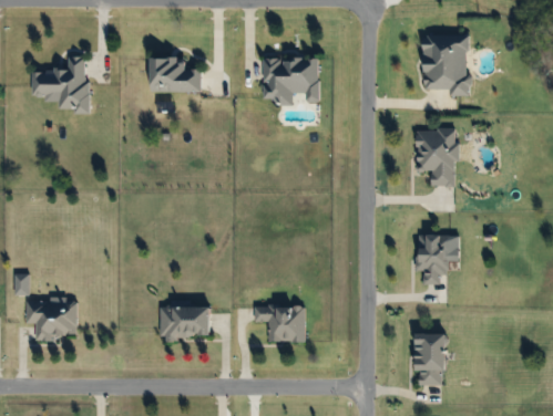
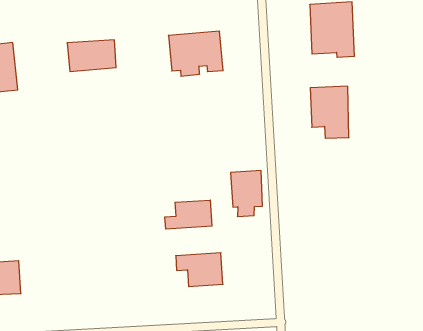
building: [417,233,451,283] -> [231,171,262,217]
building: none -> [165,200,212,229]
building: [160,305,209,340] -> none
building: [413,333,443,383] -> none

